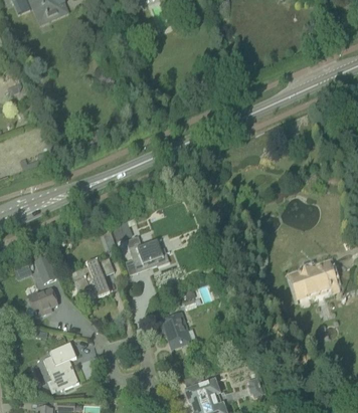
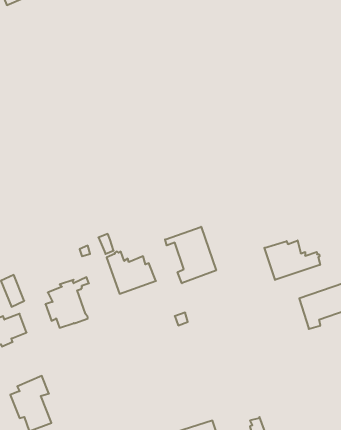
building: none -> [165,227,216,283]
building: none -> [264,240,320,280]
building: [160,312,190,348] -> none

